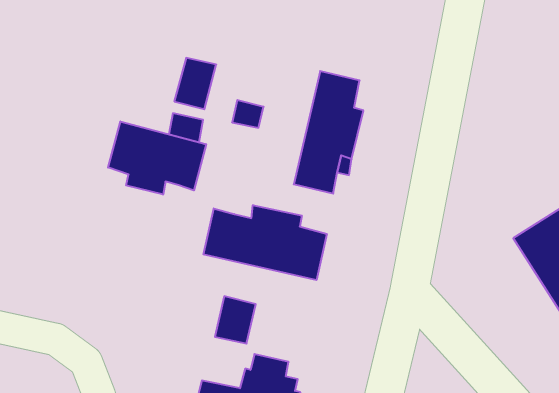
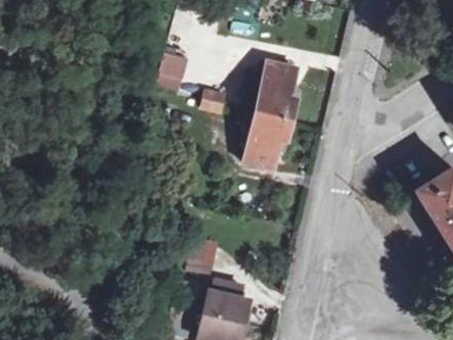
building: [108,121,206,195] -> none
building: [203,205,327,280] -> none

